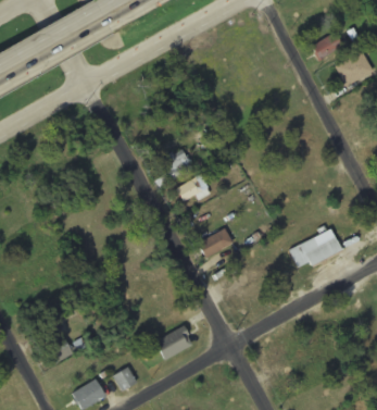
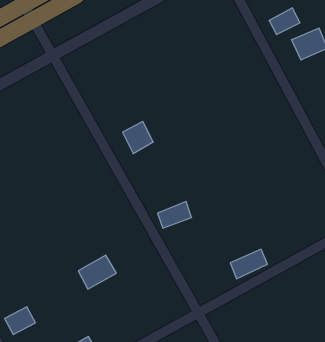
building: [176,175,209,201] -> none
building: [304,236,342,266] -> [230,249,267,279]
building: [154,325,193,360] -> [78,255,116,289]

